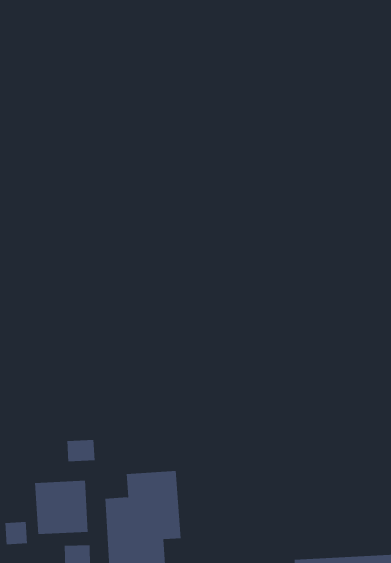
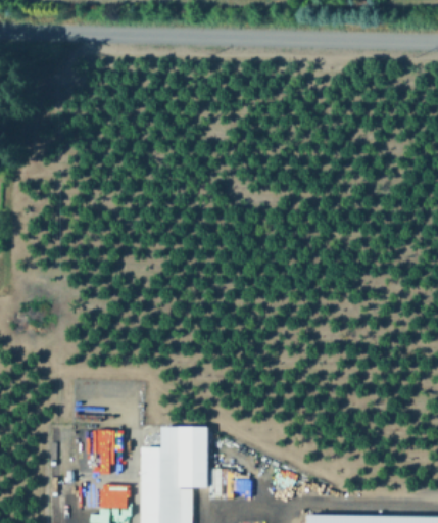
building: [67,439,95,462] -> none
building: [5,521,27,545] -> none

